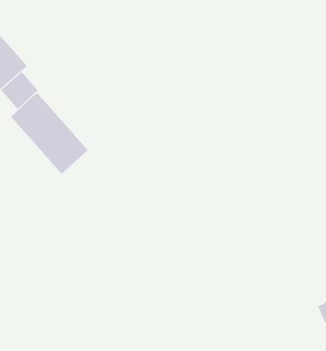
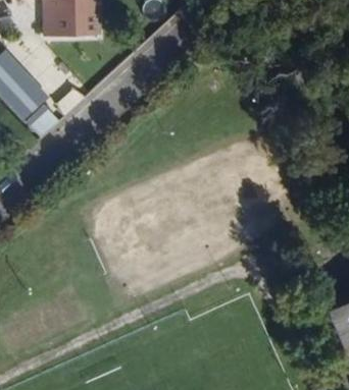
building: [10,92,89,174] -> none

